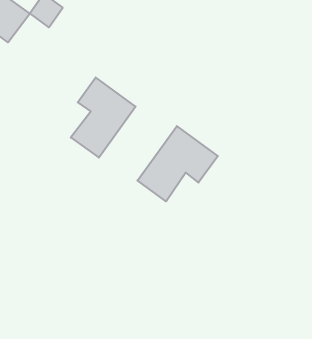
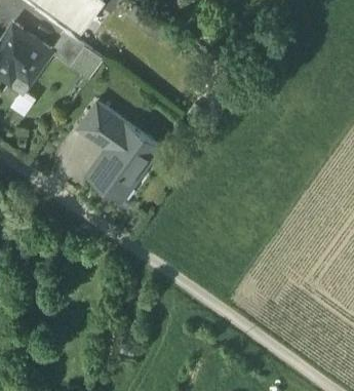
building: none -> [78,104,118,145]
building: [137,126,218,201] -> none

